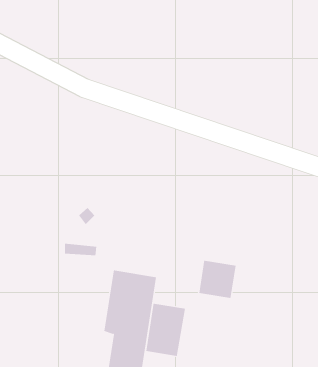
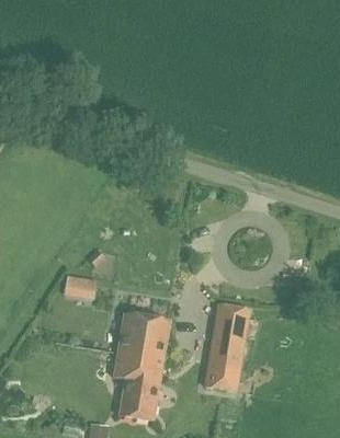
building: [145,303,186,356] -> [203,336,245,391]

